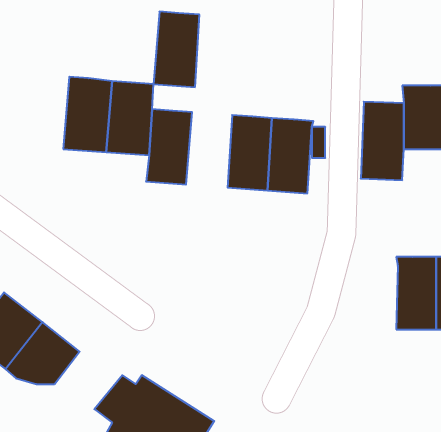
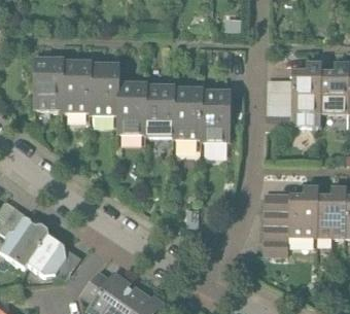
building: [154,12,199,87] -> [144,85,176,138]
building: none -> [29,59,63,111]
building: none -> [264,191,291,254]

